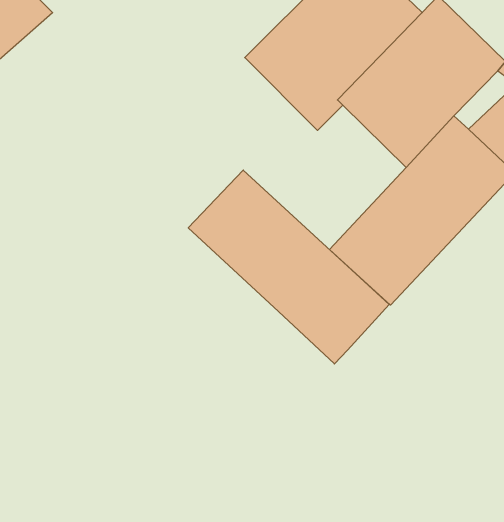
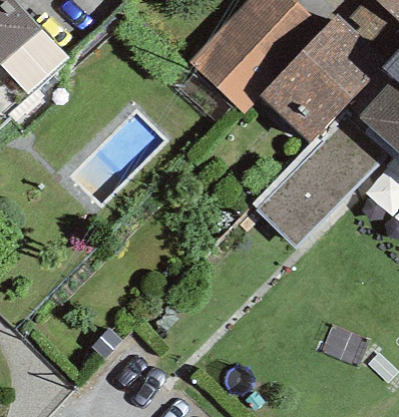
building: [188,170,389,364] -> none

